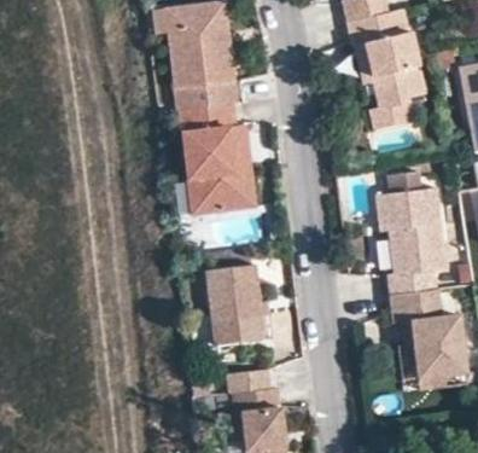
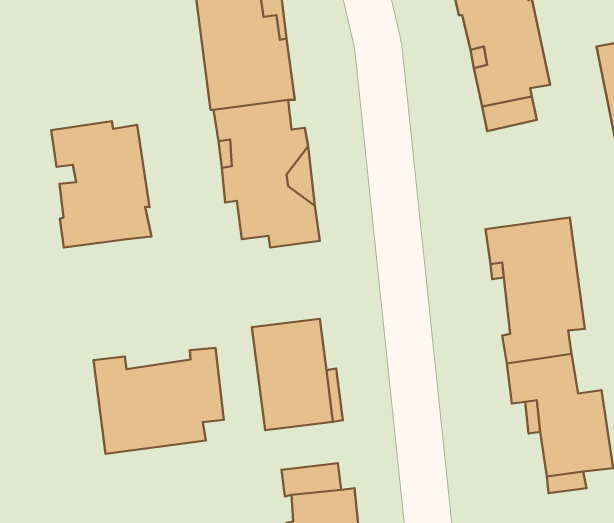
building: none -> [51,121,152,247]
building: none -> [93,348,224,454]

